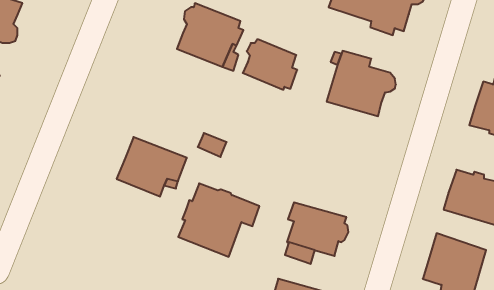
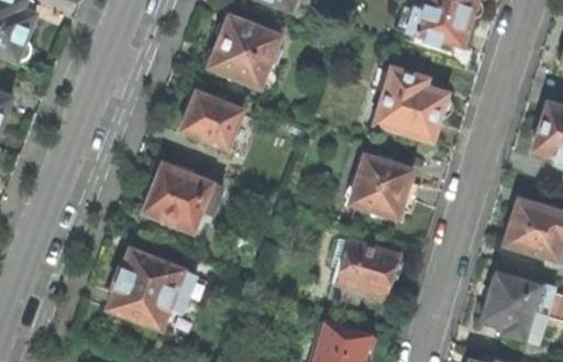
building: [243,39,297,90] -> [181,91,242,147]
building: none -> [351,155,418,217]
building: [178,183,259,257] -> [107,248,197,329]

